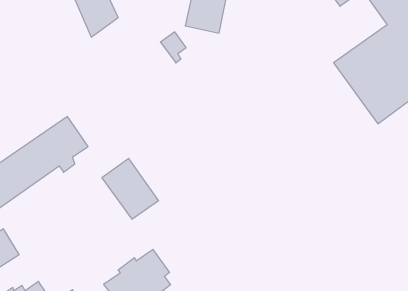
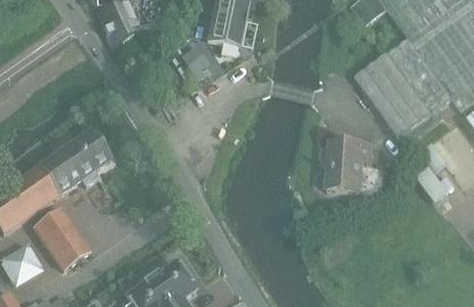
building: none -> [326,141,372,191]
building: [102,158,159,219] -> [34,208,90,268]

